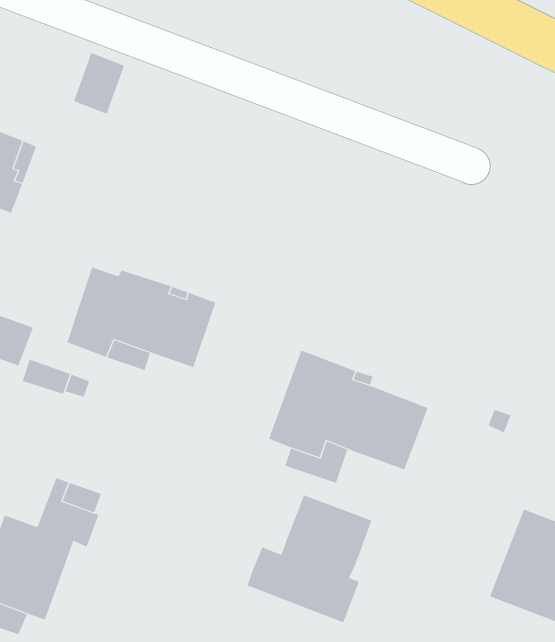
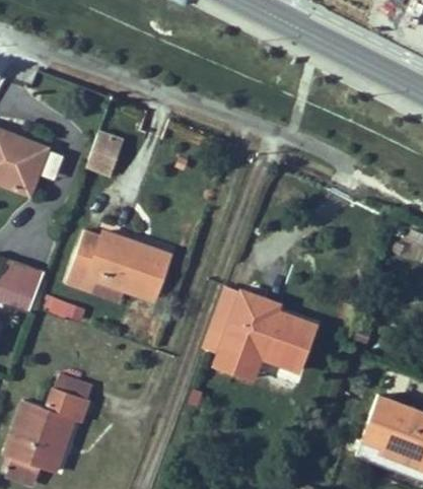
building: [73,52,125,114] -> [87,132,123,174]
building: [247,495,372,623] -> none

